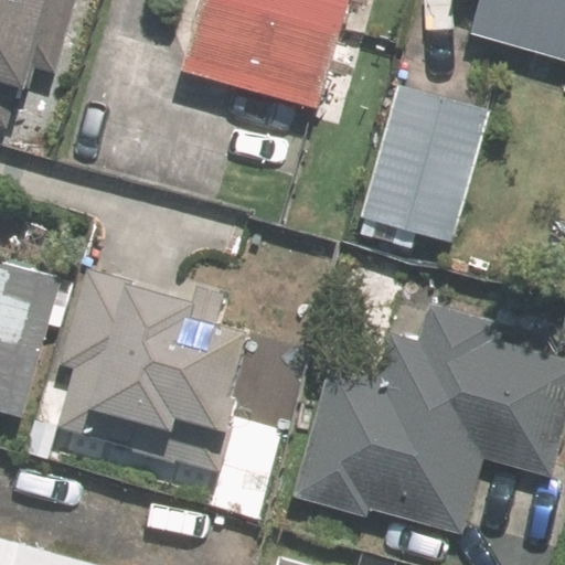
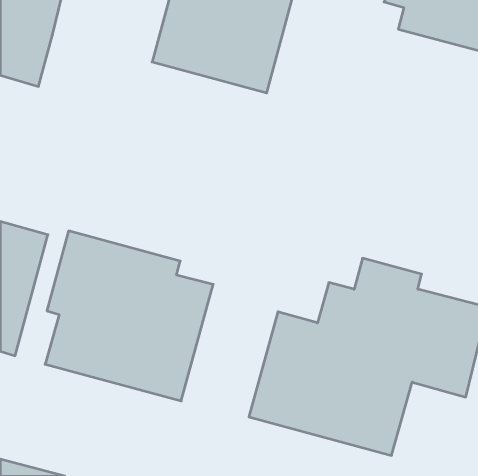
building: [359,83,491,246] -> none

